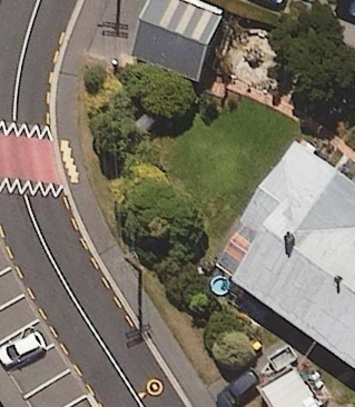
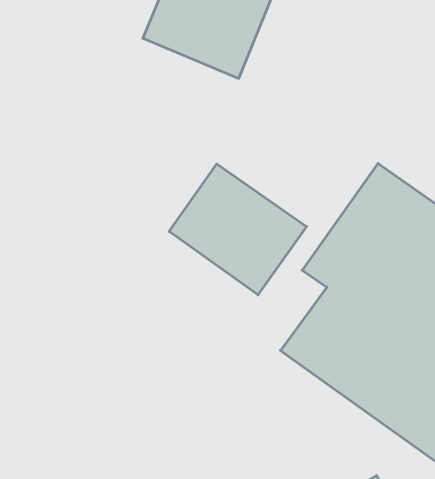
building: none -> [169,164,307,295]

